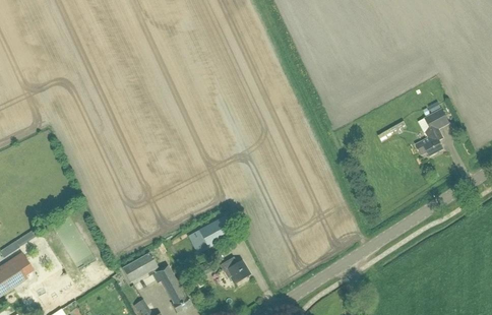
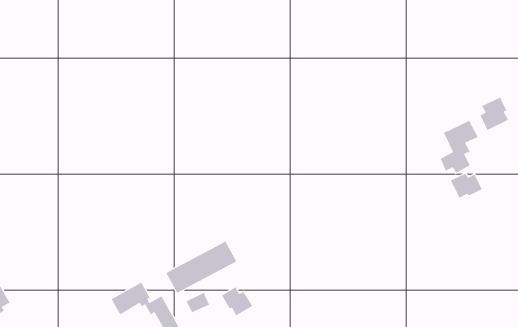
building: none -> [480,97,509,131]
building: none -> [450,173,482,199]

